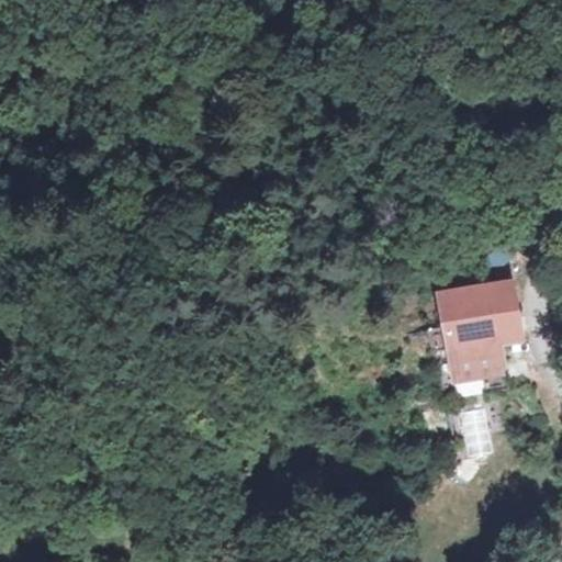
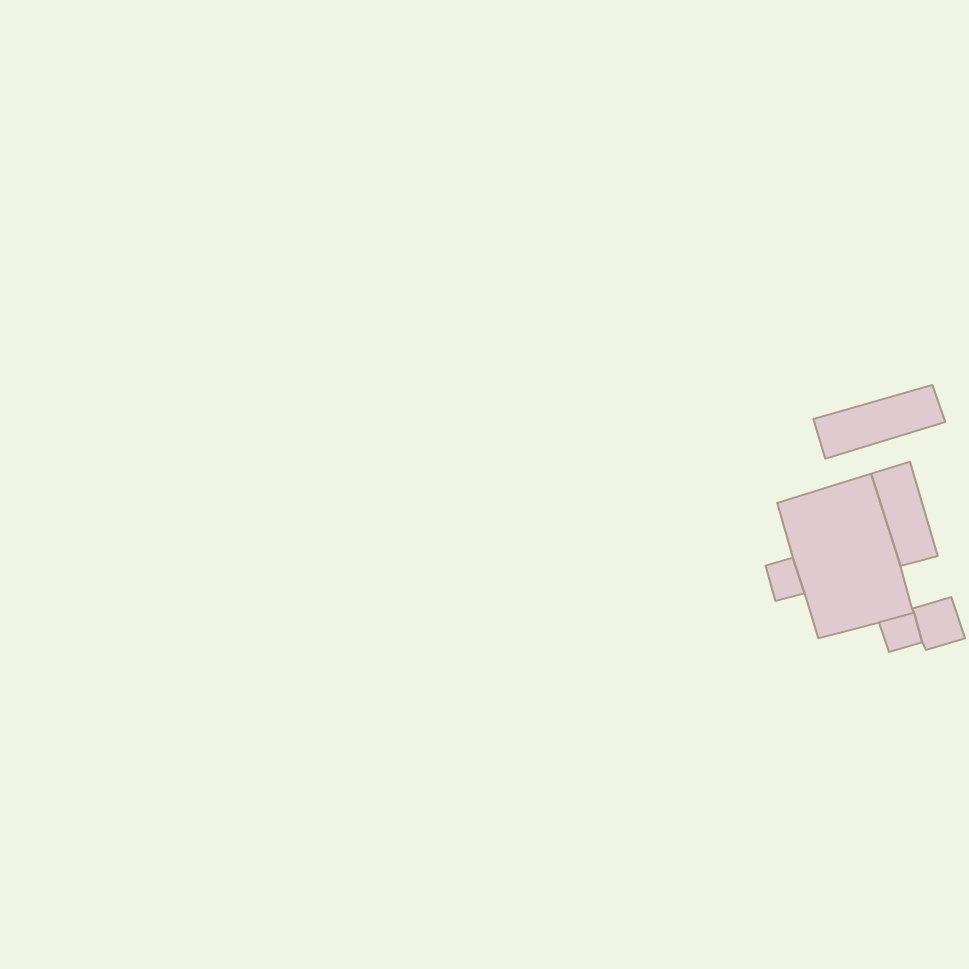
building: none -> [814,385,945,459]

